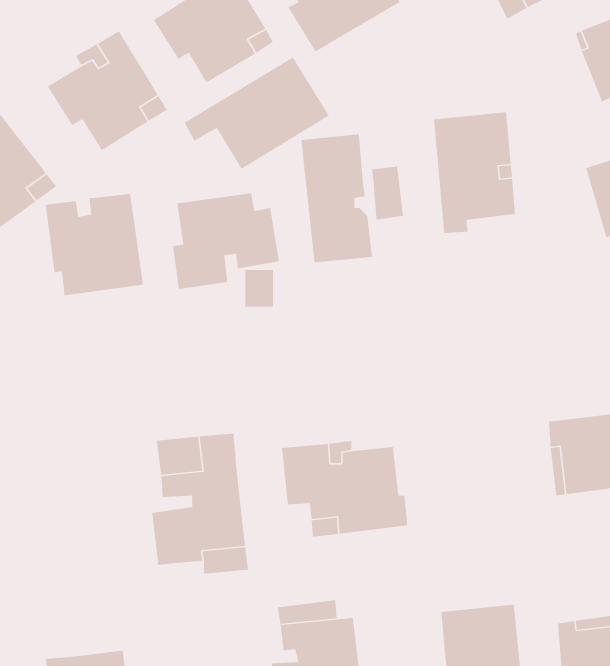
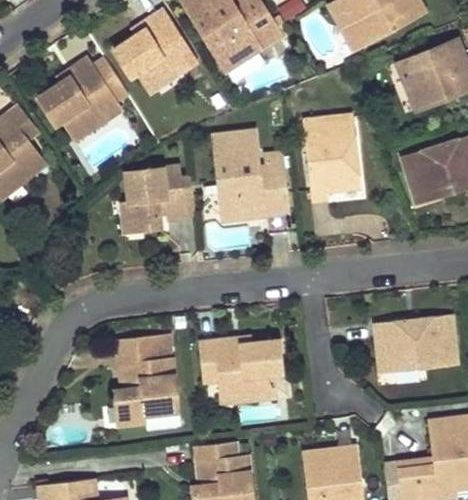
building: [183,56,330,170] -> none
building: none -> [249,163,285,213]
building: [45,193,144,296] -> none

